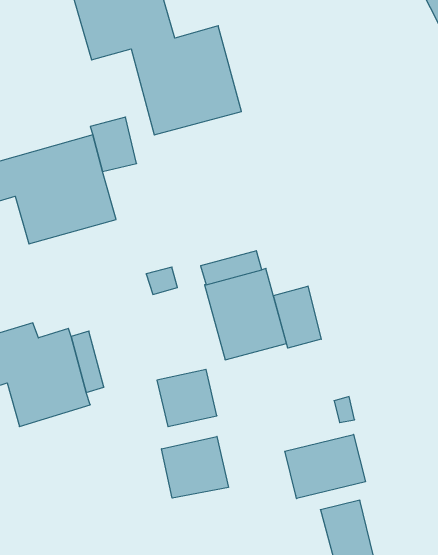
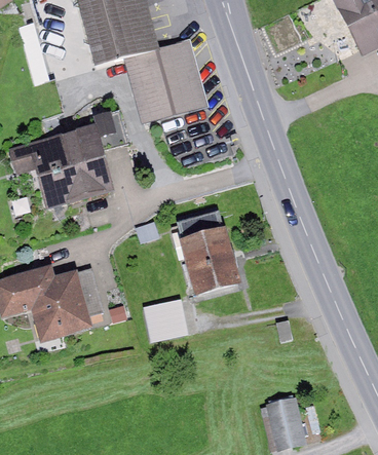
building: [273,286,321,348] -> none
building: [285,434,365,499] -> none
building: [162,436,228,498] -> none

